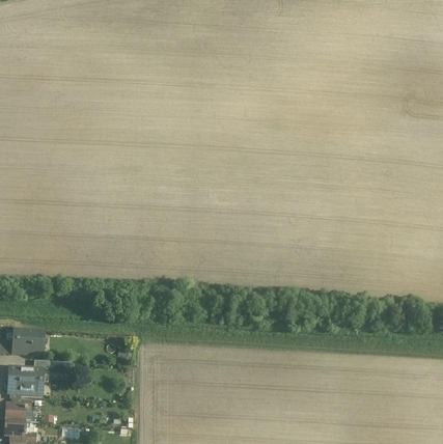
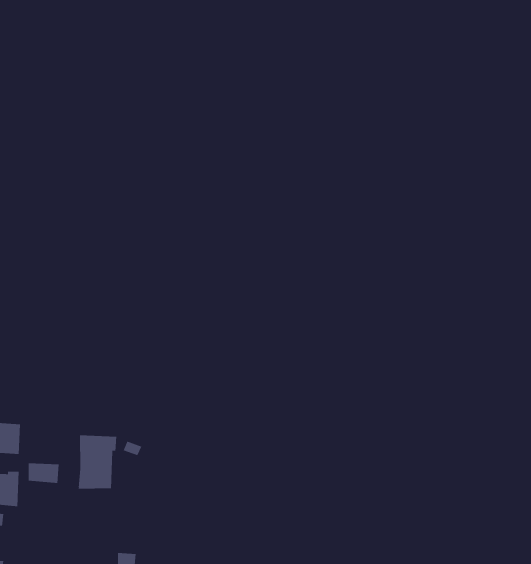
building: none -> [78,435,117,489]

